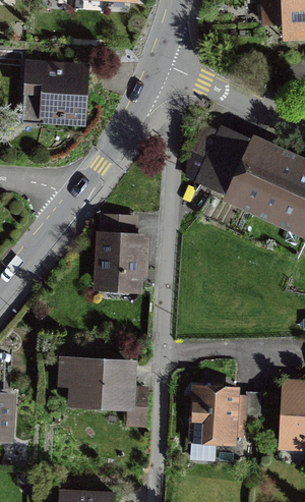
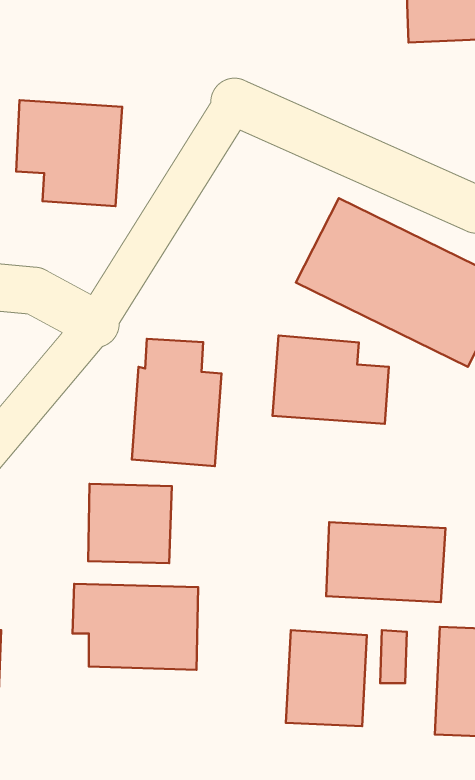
building: none -> [273,336,389,424]
building: none -> [88,484,172,563]
building: none -> [326,522,446,602]

